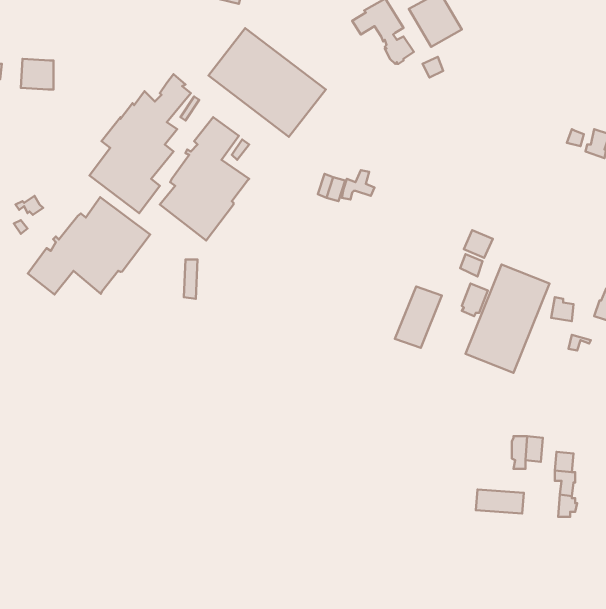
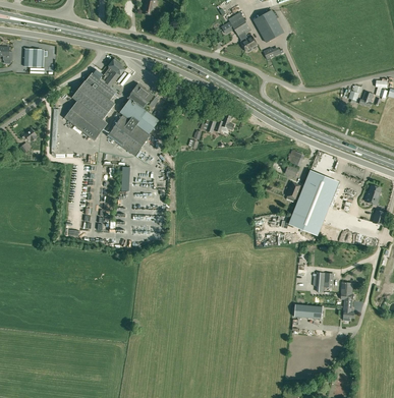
building: [209,28,326,137] -> none
building: [28,197,150,295] -> none
building: [395,287,442,348] -> none

